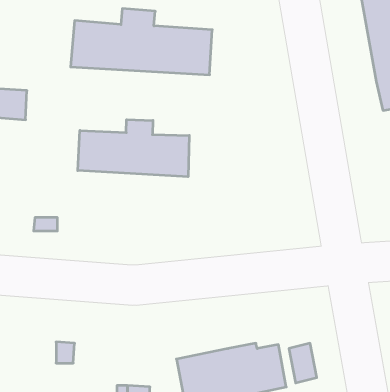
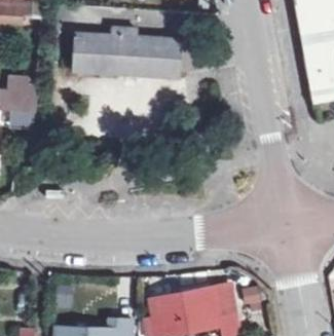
building: [78,120,189,177] -> none

